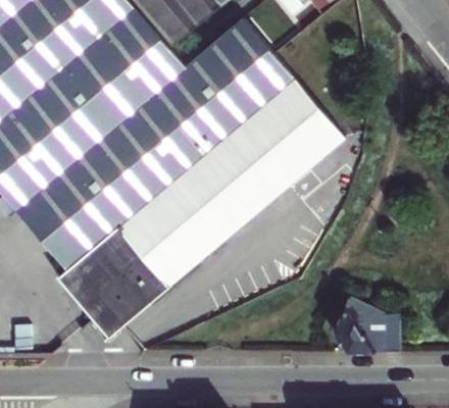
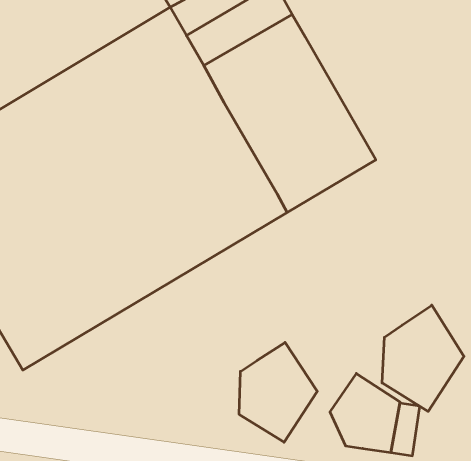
building: none -> [382,305,464,411]
building: none -> [239,342,317,442]

